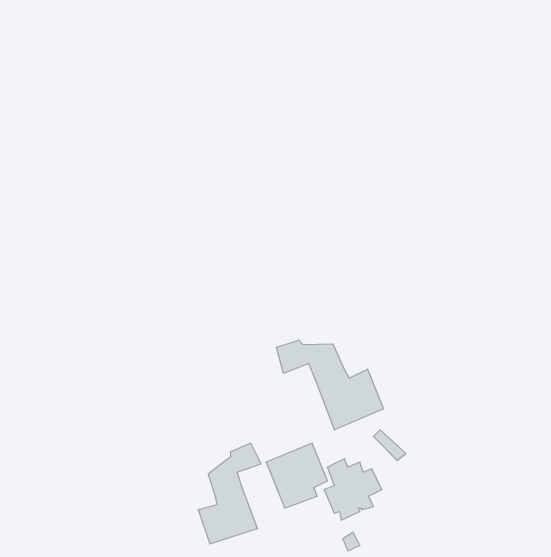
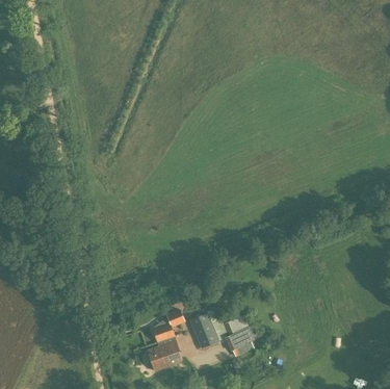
building: [276,340,384,430] -> none

